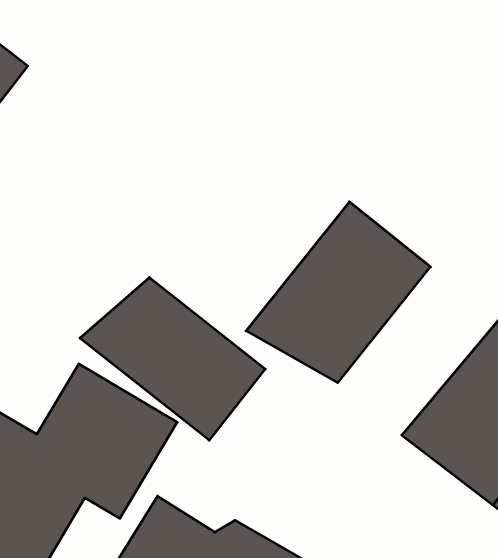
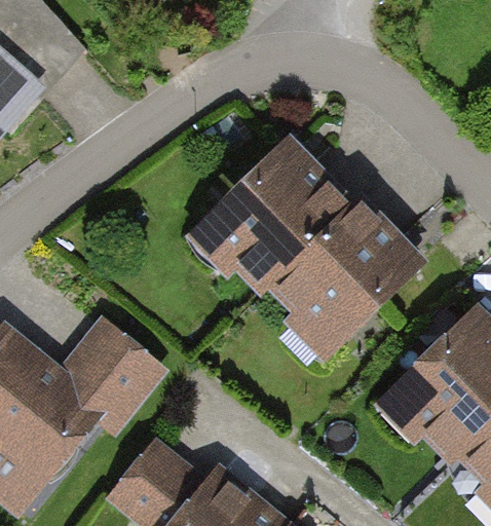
building: none -> [181,139,345,303]
building: [80,277,265,440] -> none

